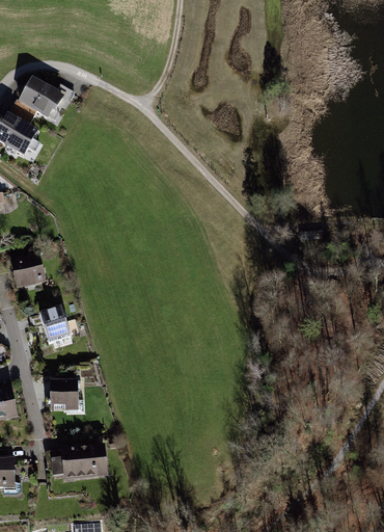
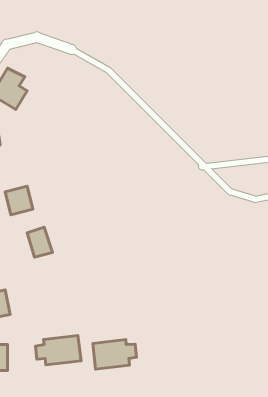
building: [15,76,73,122] -> none
building: [48,376,78,410] -> none
building: none -> [93,340,137,369]

